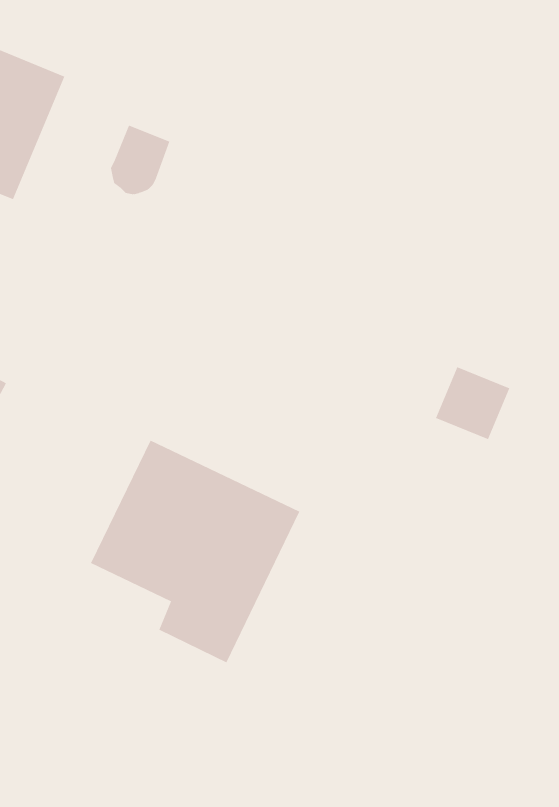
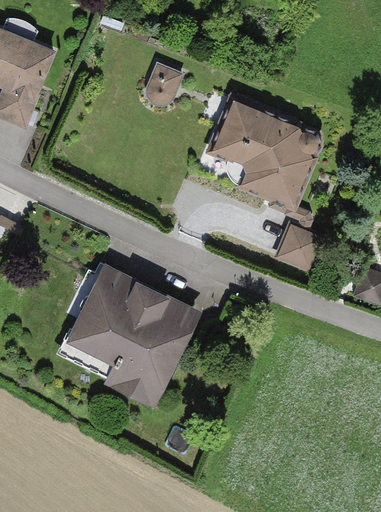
building: [110,125,170,195] -> [146,63,182,105]
building: none -> [208,97,324,208]

